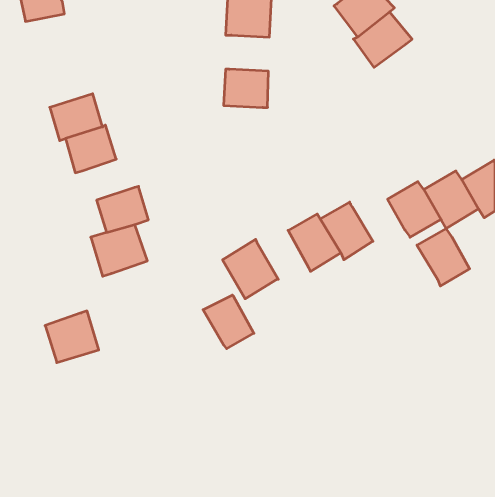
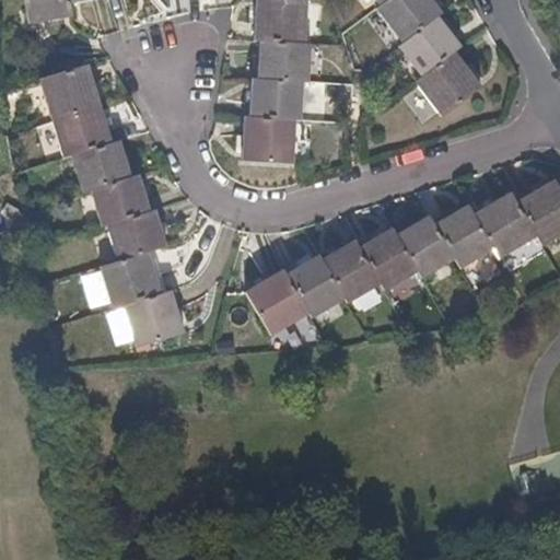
building: none -> [257,39,307,80]
building: none -> [413,49,482,116]
building: none -> [42,61,104,120]
building: none -> [243,118,294,163]
building: none -> [92,176,151,226]
building: [417,228,470,286] -> [395,213,454,278]
building: [203,295,254,349] -> [289,257,346,317]
building: [45,311,99,363] -> [125,290,185,348]

